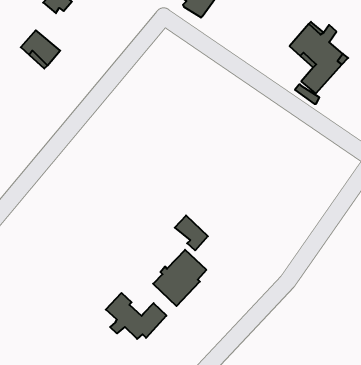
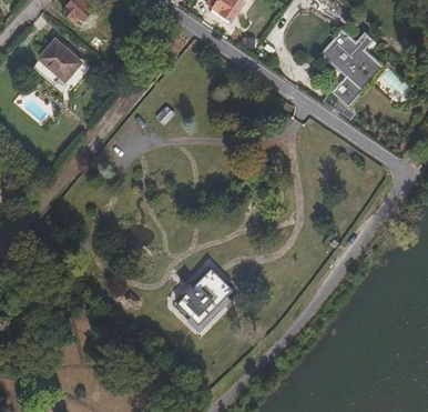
building: [175,215,208,250] -> none
building: [106,293,166,339] -> none

